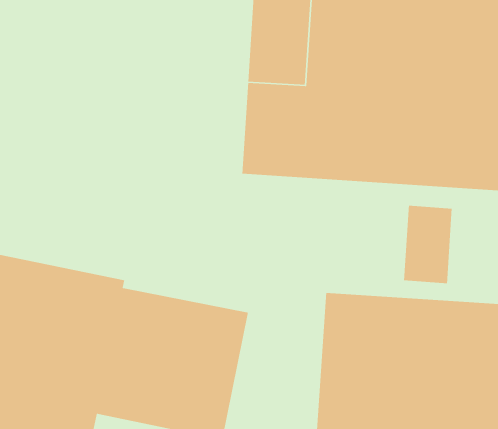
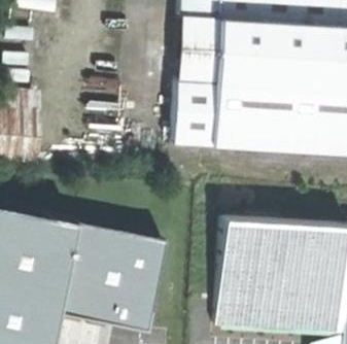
building: [403,205,453,284] -> none

